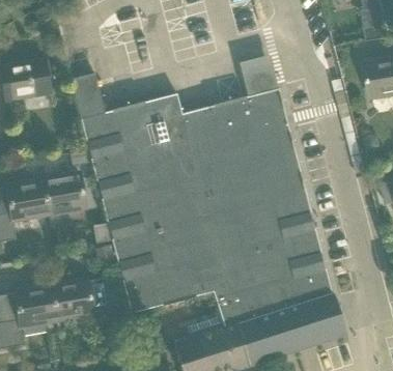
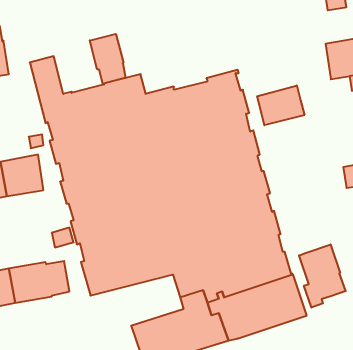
building: none -> [90,34,126,84]
building: none -> [257,85,304,125]
building: none -> [299,244,346,308]

